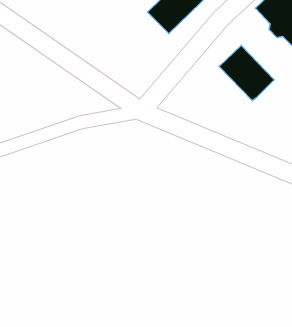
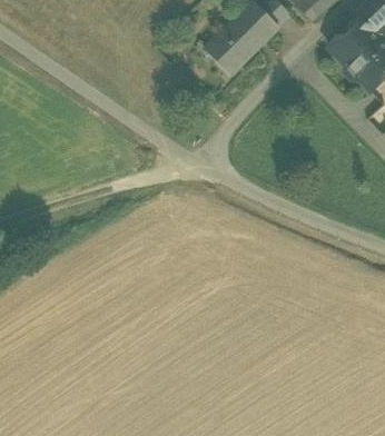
building: [219,46,274,101] -> none

